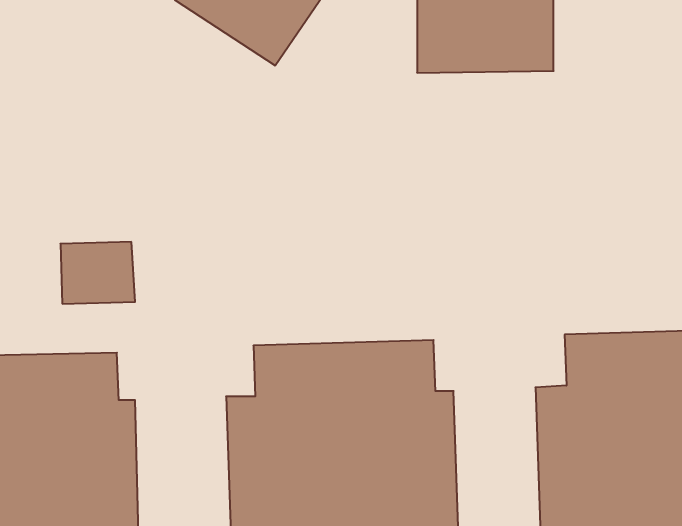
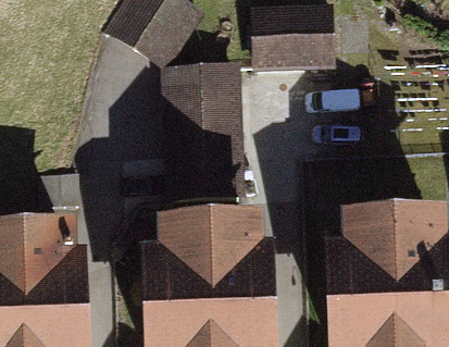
building: none -> [165,59,247,190]

